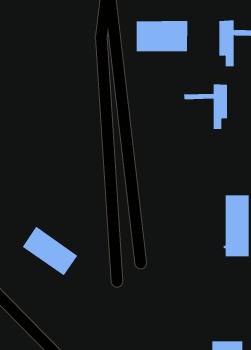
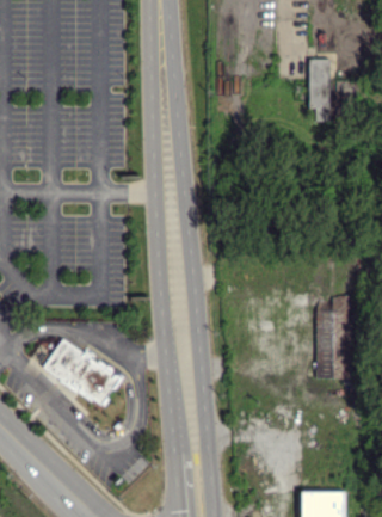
building: [136,20,188,52] -> none
building: [183,83,228,130] -> none

